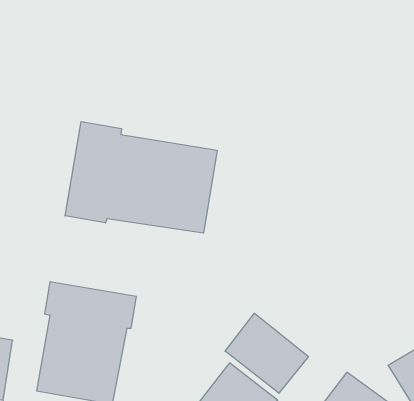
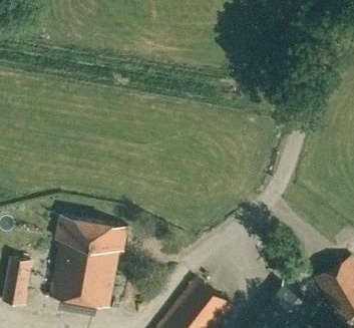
building: [65,122,217,233] -> none
building: [225,313,308,393] -> none

